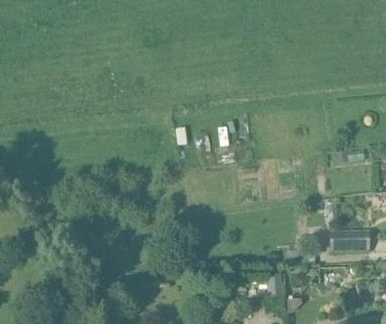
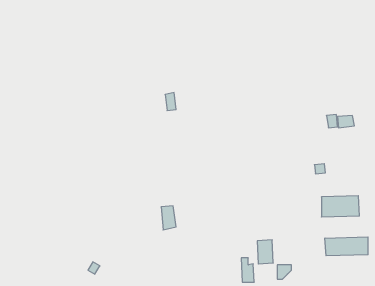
building: none -> [325,237,368,256]

